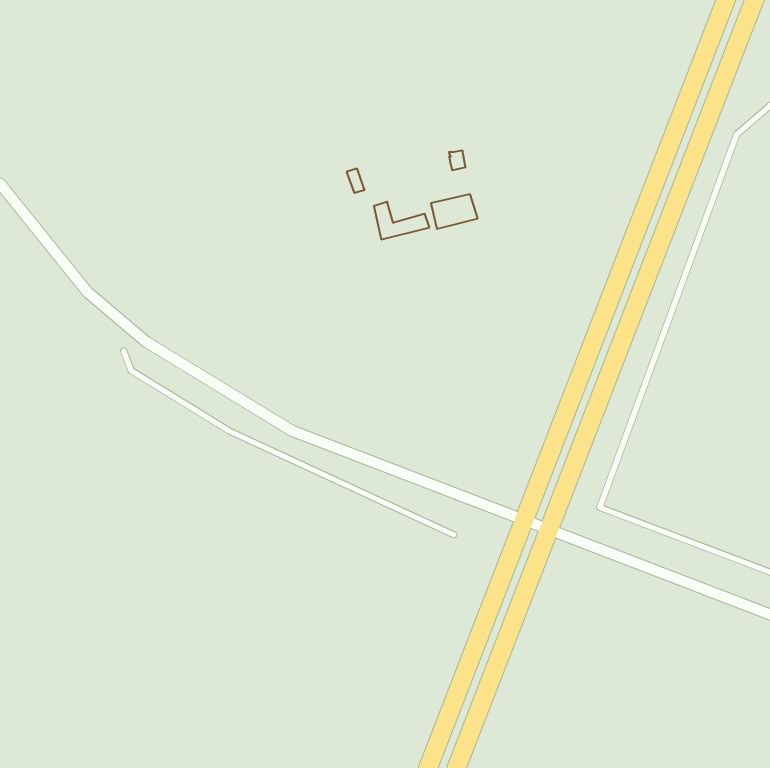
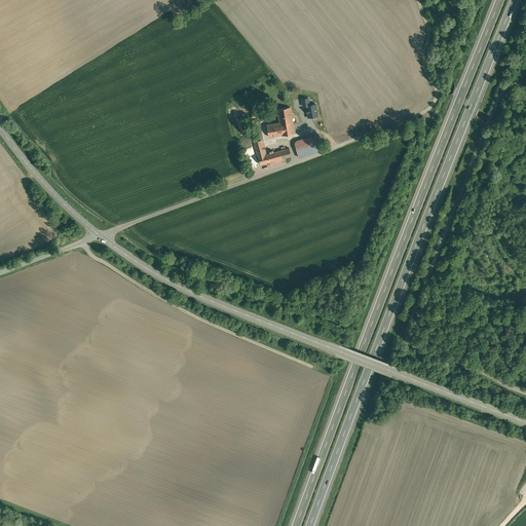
building: none -> [267,106,294,136]

